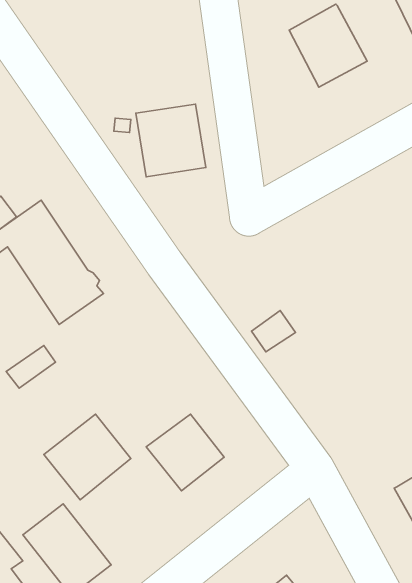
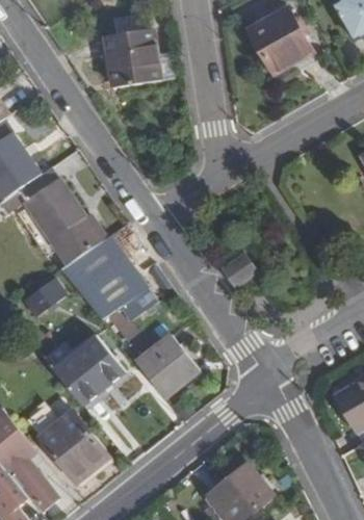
building: [136,104,206,177] -> [105,28,161,86]
building: none -> [60,234,156,319]

